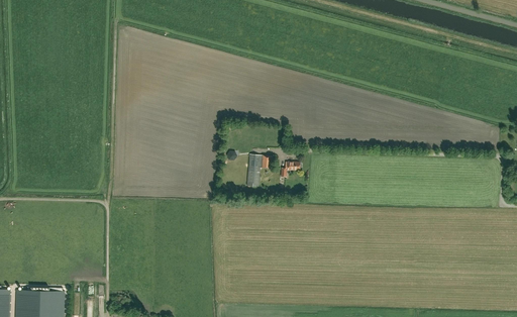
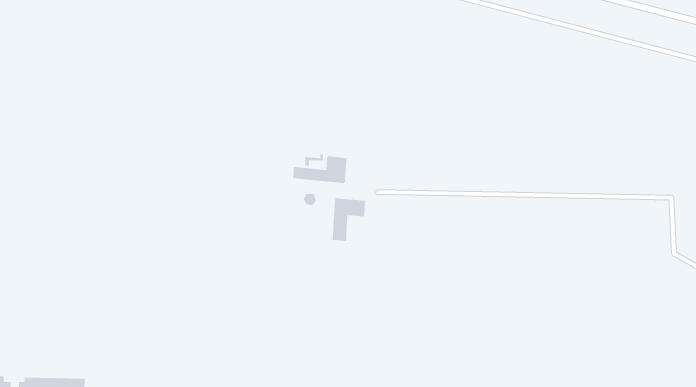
building: none -> [293,156,347,184]

